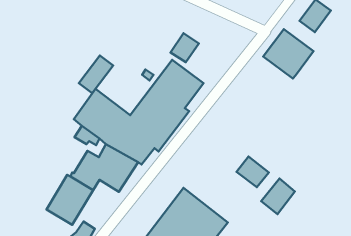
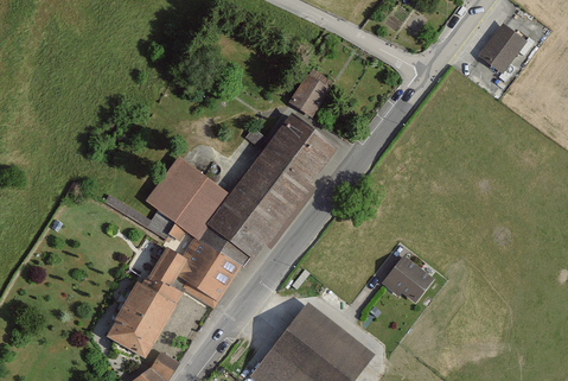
building: [263,29,313,79] -> none
building: [79,56,113,93] -> none
building: [261,178,295,214] -> none

